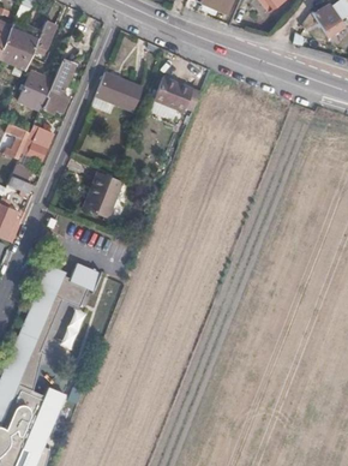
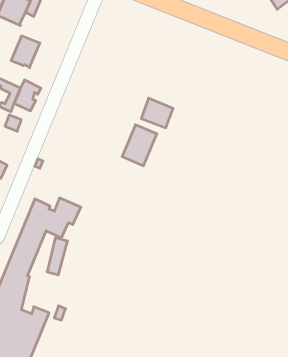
building: [46,60,78,112] -> none
building: [97,71,144,109] -> none
building: [155,76,192,110] -> [141,98,173,128]
building: [83,169,124,217] -> [122,125,157,166]

